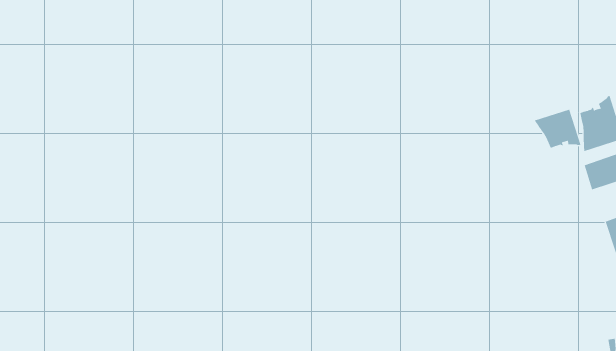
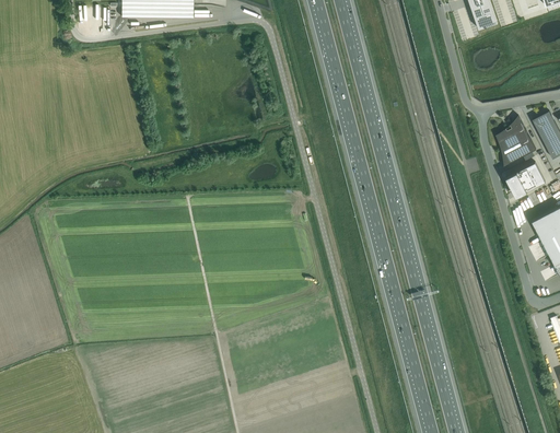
building: [534,109,581,149] -> none

